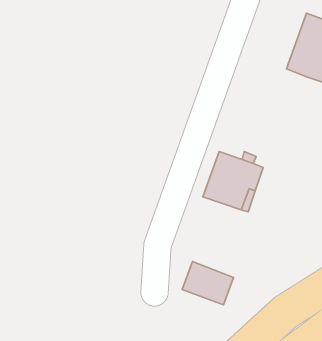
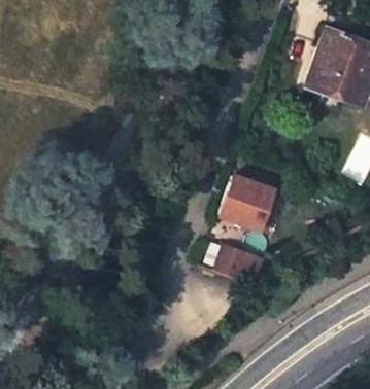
building: [182,261,234,305] -> [211,242,264,286]

